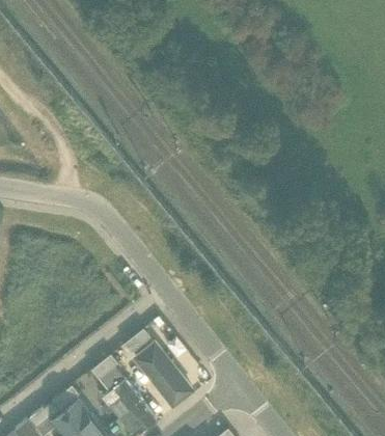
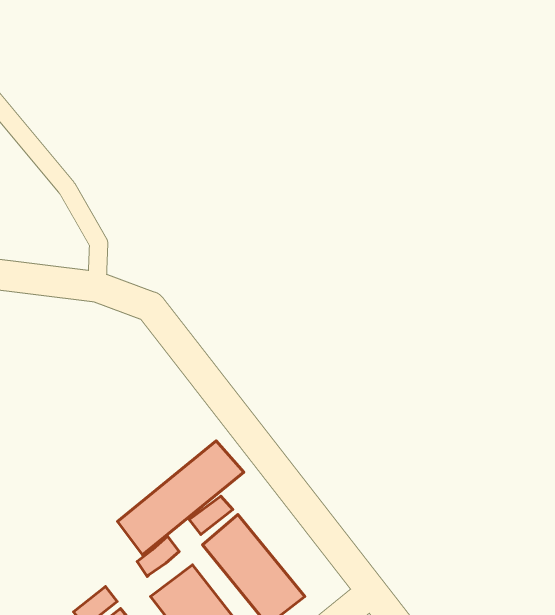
building: none -> [117,441,244,555]

